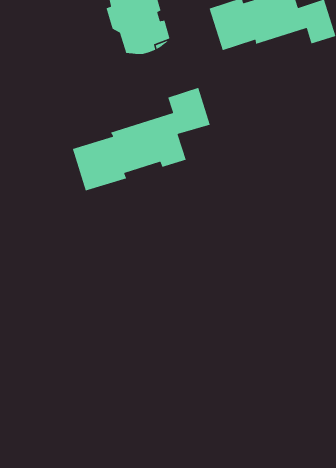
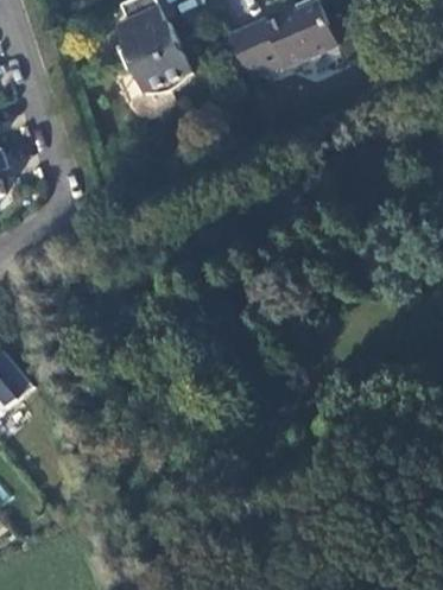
building: [72,87,211,191] -> none

